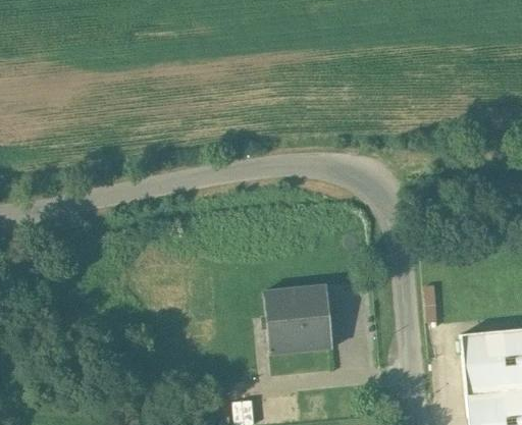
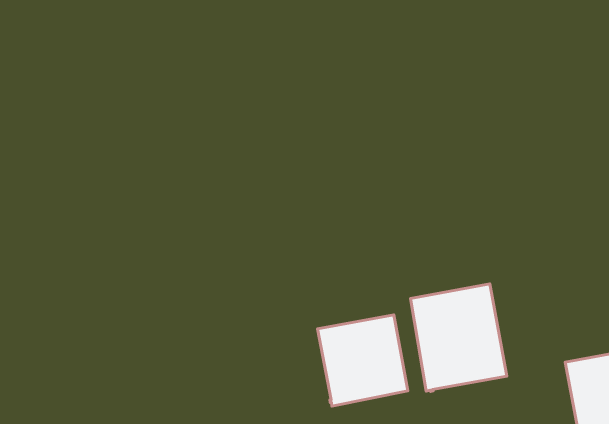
building: none -> [410,284,507,392]

